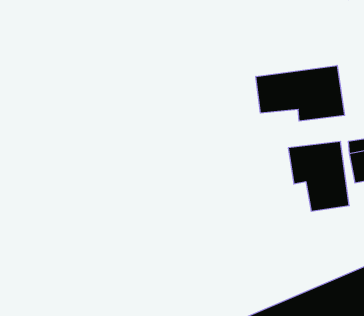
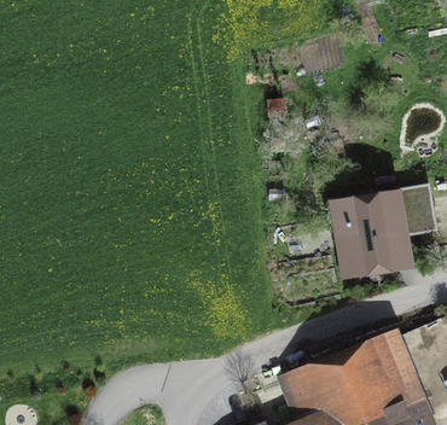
building: [256,65,345,121] -> none

